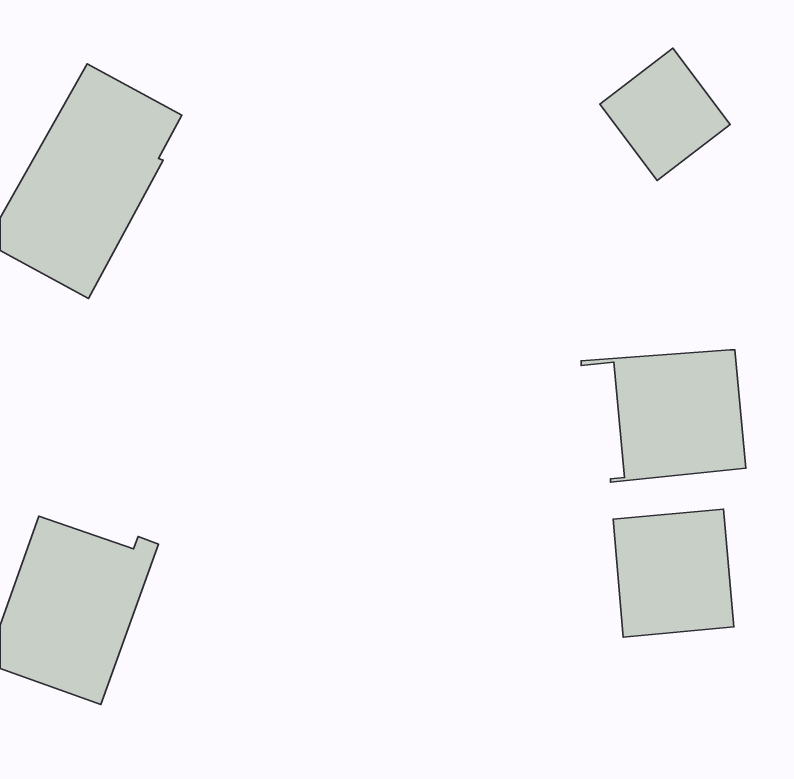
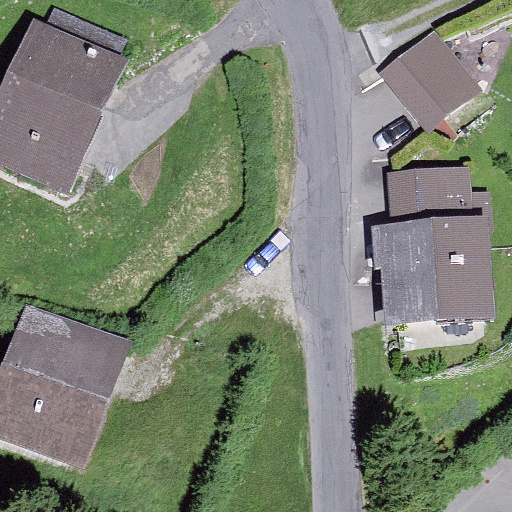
building: none -> [397,166,470,230]
building: [613,509,734,637] -> none

